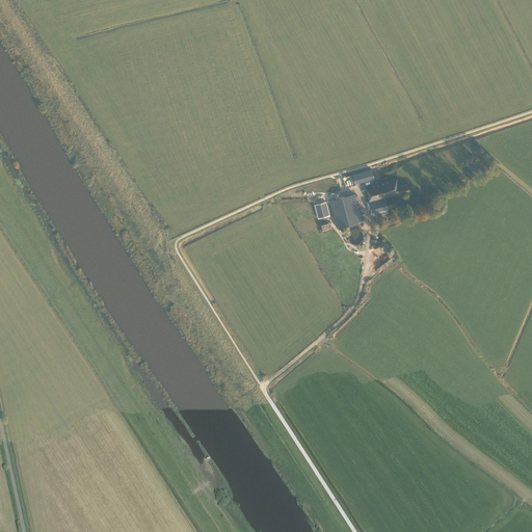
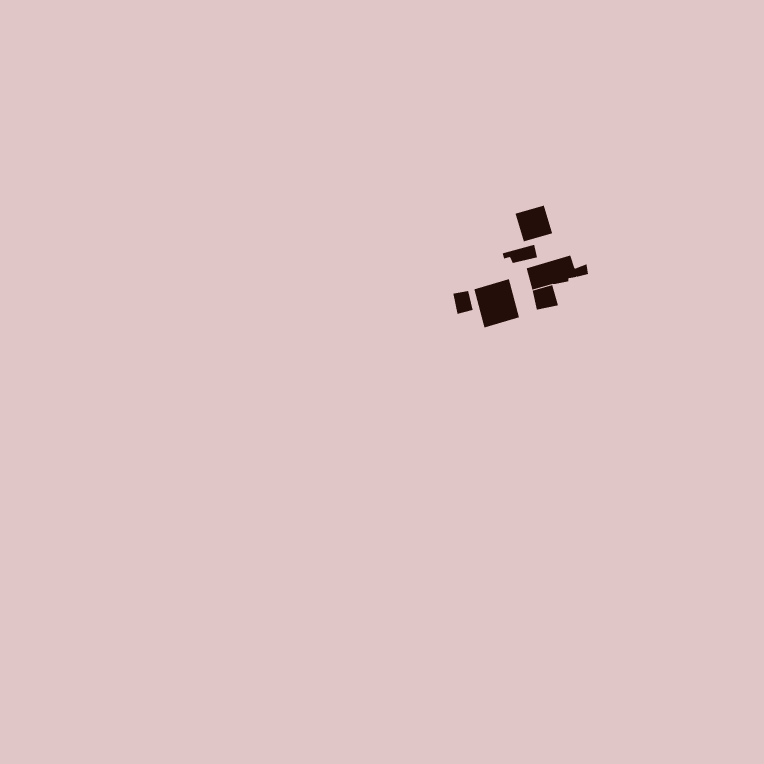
building: none -> [515,205,553,242]

